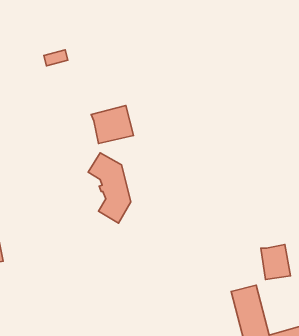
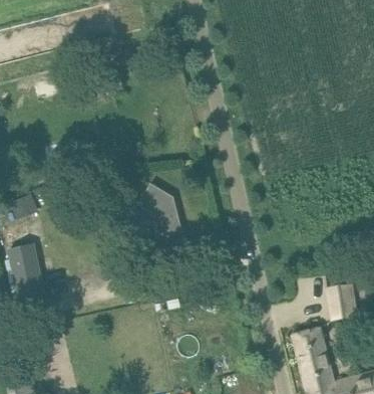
building: [91,106,133,143] -> none

